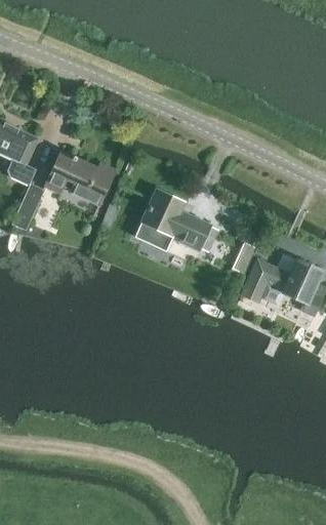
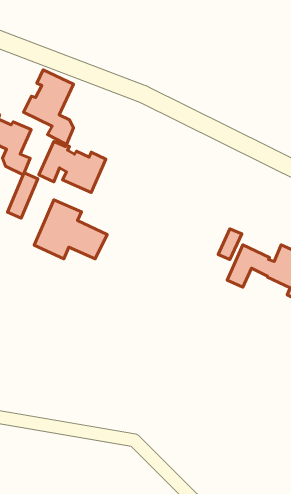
building: none -> [23,70,74,144]
building: [136,189,212,250] -> [34,200,107,259]

